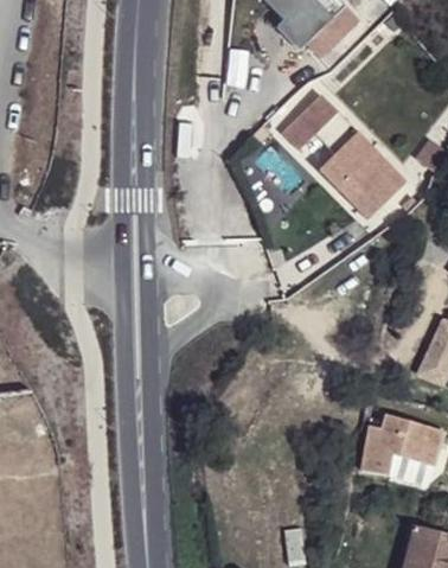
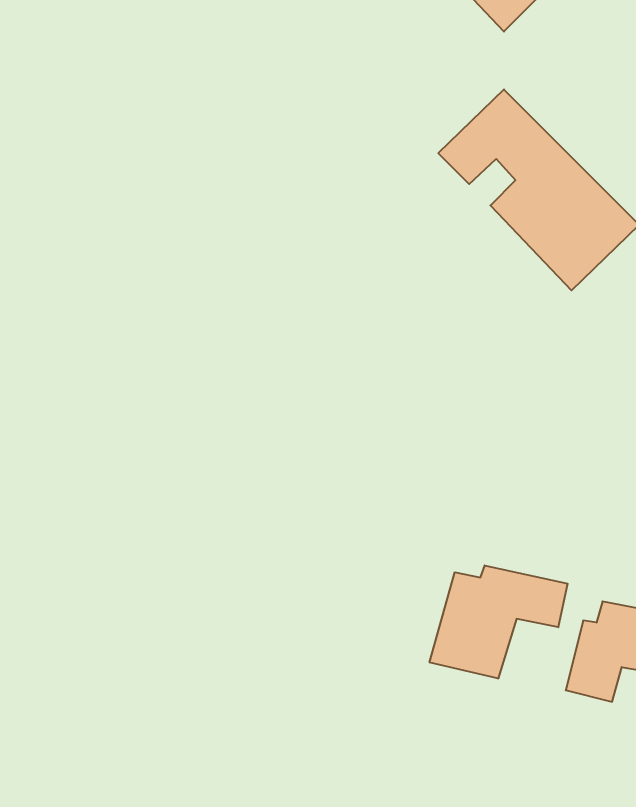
building: none -> [430,565,568,679]

